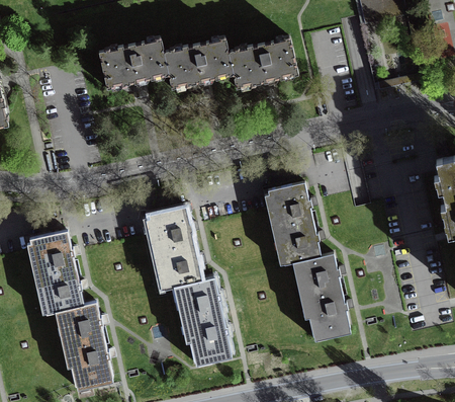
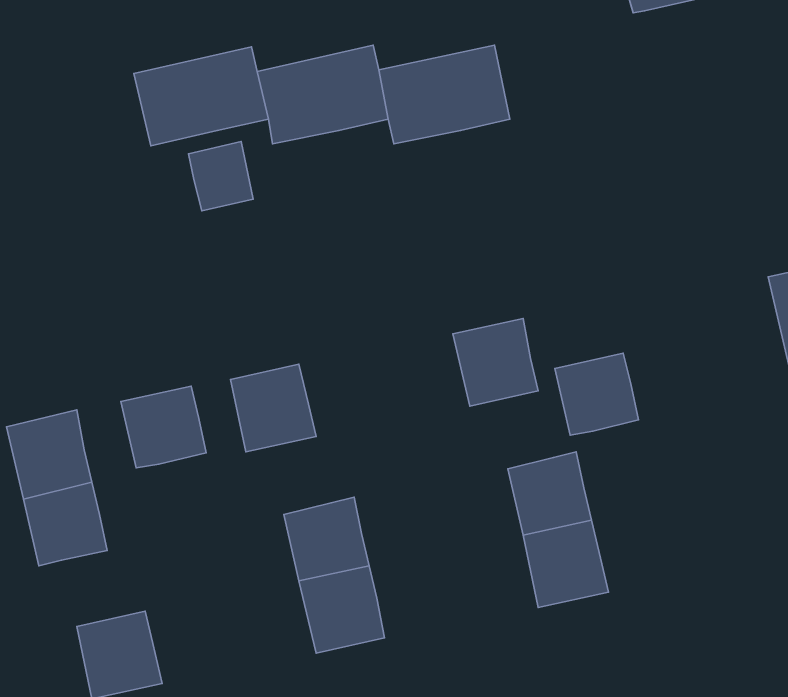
building: none -> [188,142,253,211]
building: [276,221,321,264] -> [555,353,638,435]
building: [157,245,202,289] -> [121,386,206,468]
building: [59,303,103,346] -> none

